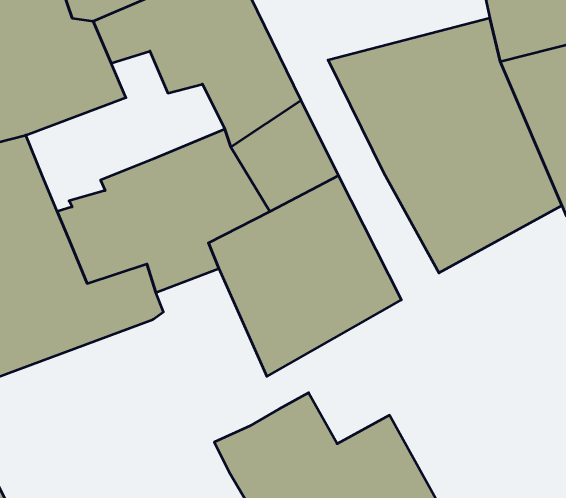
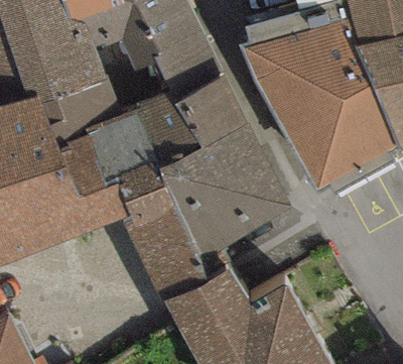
building: none -> [36,71,122,147]
building: none -> [122,186,207,302]

